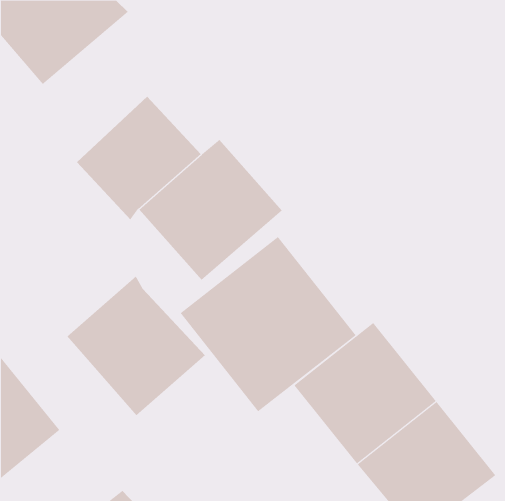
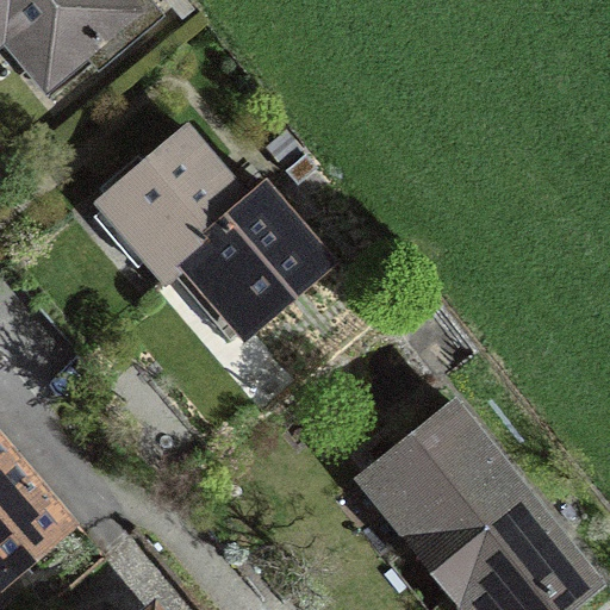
building: [180,236,357,412] -> none
building: [66,276,206,416] -> none

